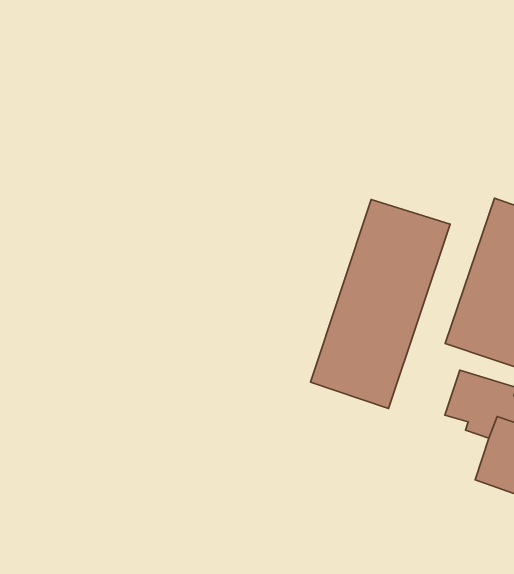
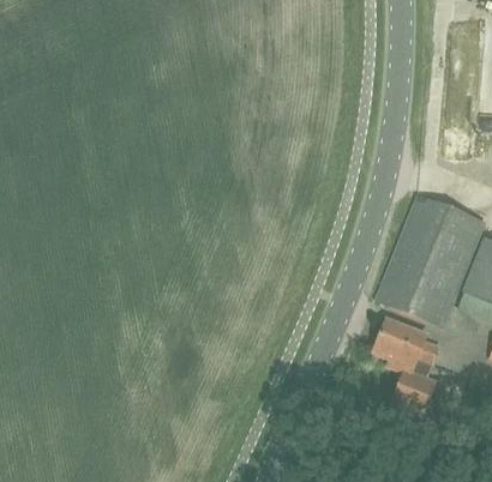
building: [311,199,450,408] -> none

